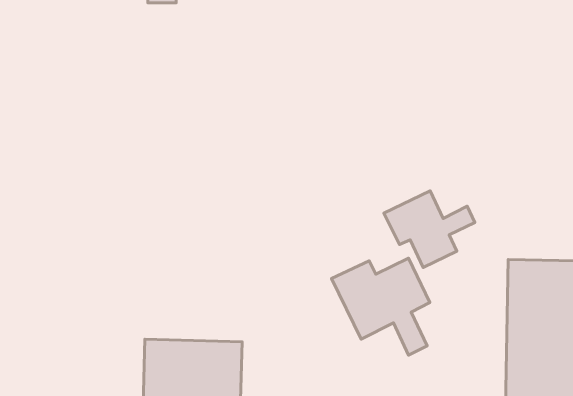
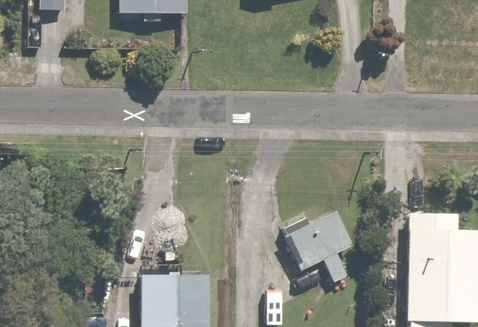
building: [384,191,475,267] -> none

